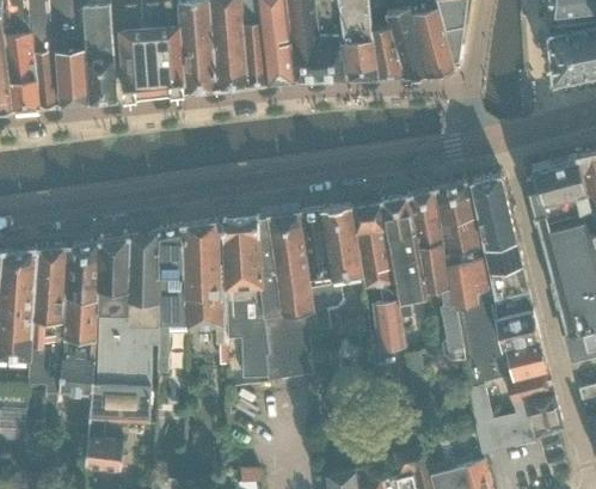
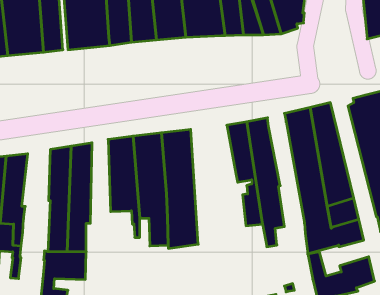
building: [411,190,465,362] -> none
building: [301,207,365,335] -> none
building: [158,227,186,374] -> none
building: [57,243,100,399] -> none
building: [506,371,555,408] -> none

